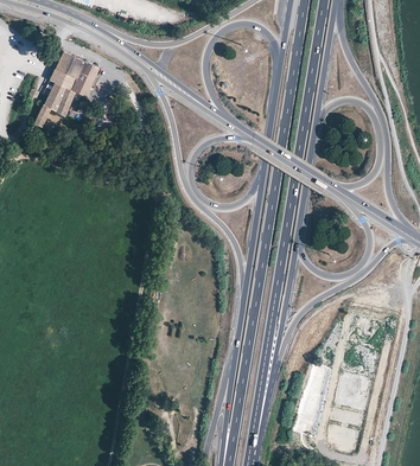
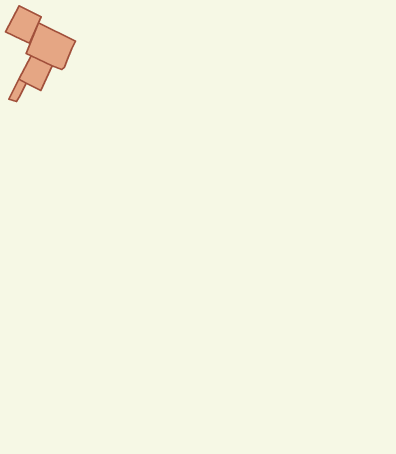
building: none -> [6,6,41,43]

